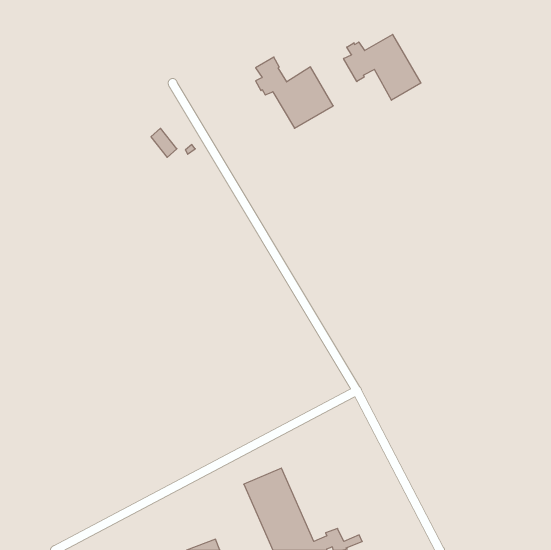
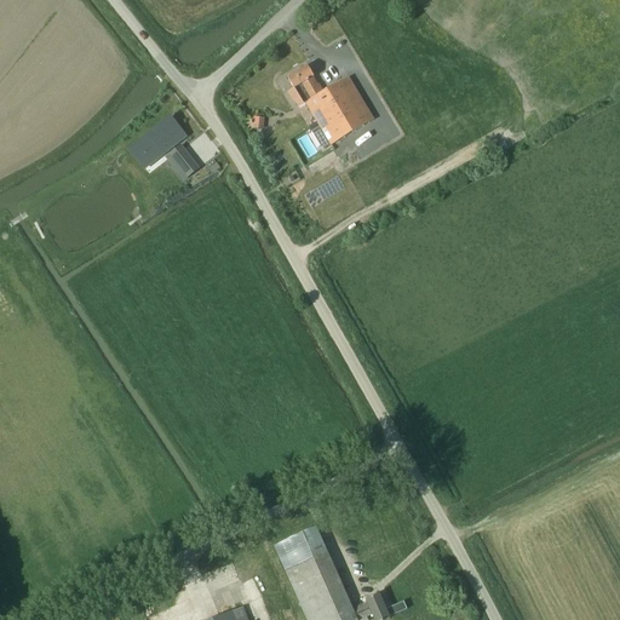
building: [344,34,421,100] -> none
building: none -> [133,116,183,163]

